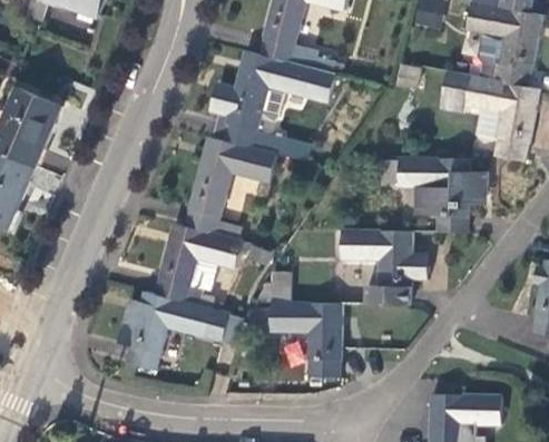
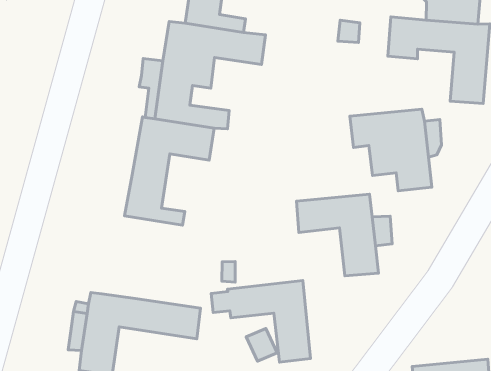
building: [155,223,241,302] -> none

